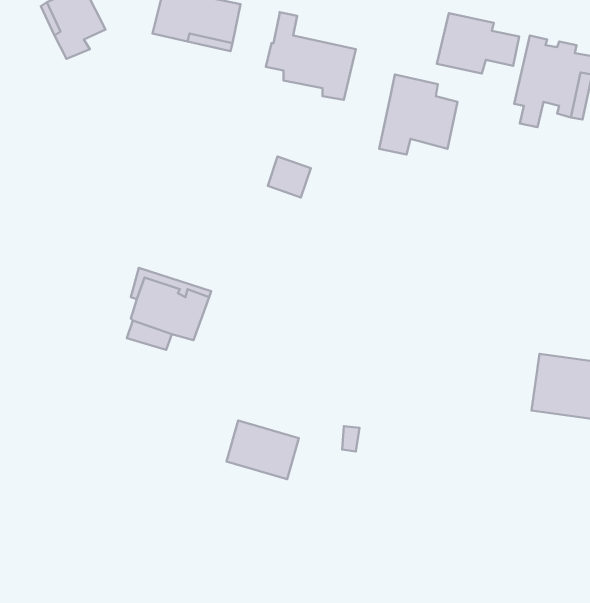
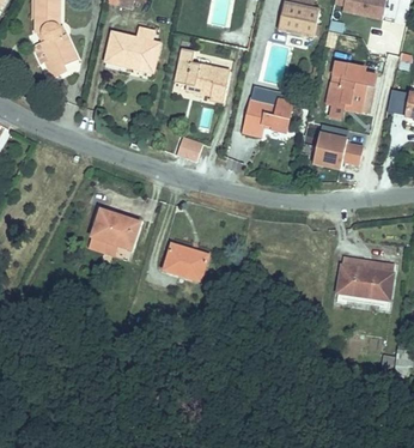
building: [437,13,519,74] -> [312,133,363,170]
building: [226,421,299,479] -> [164,244,208,280]

